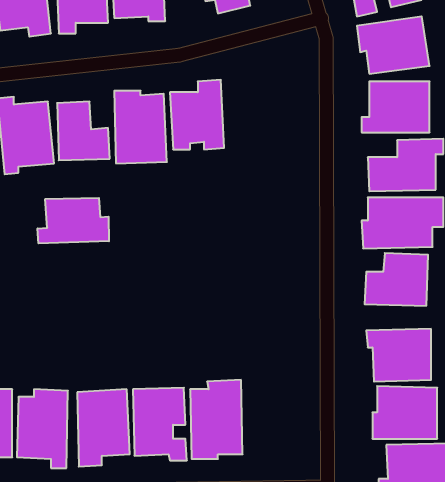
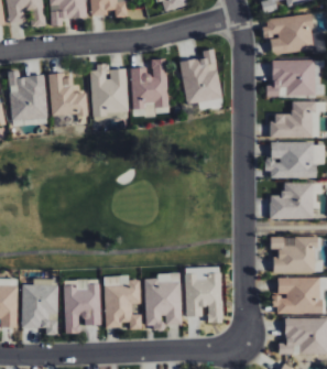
building: none -> [179,48,221,107]
building: [38,198,109,243] -> none
building: none -> [185,267,222,323]

